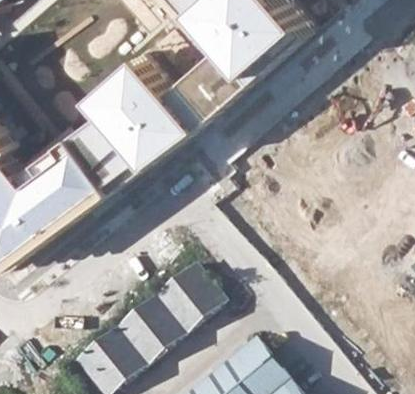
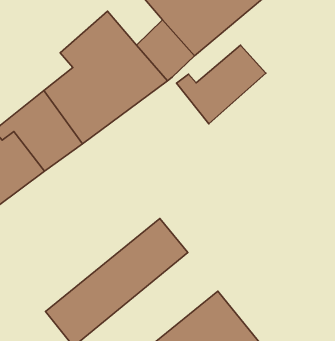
building: none -> [177,45,266,124]

